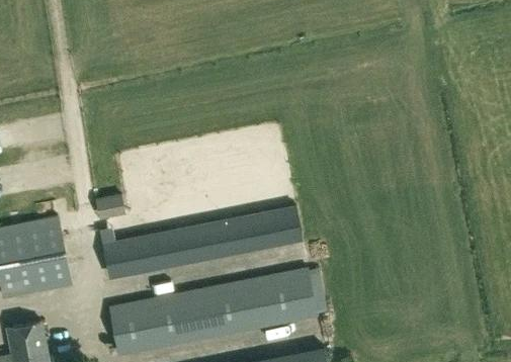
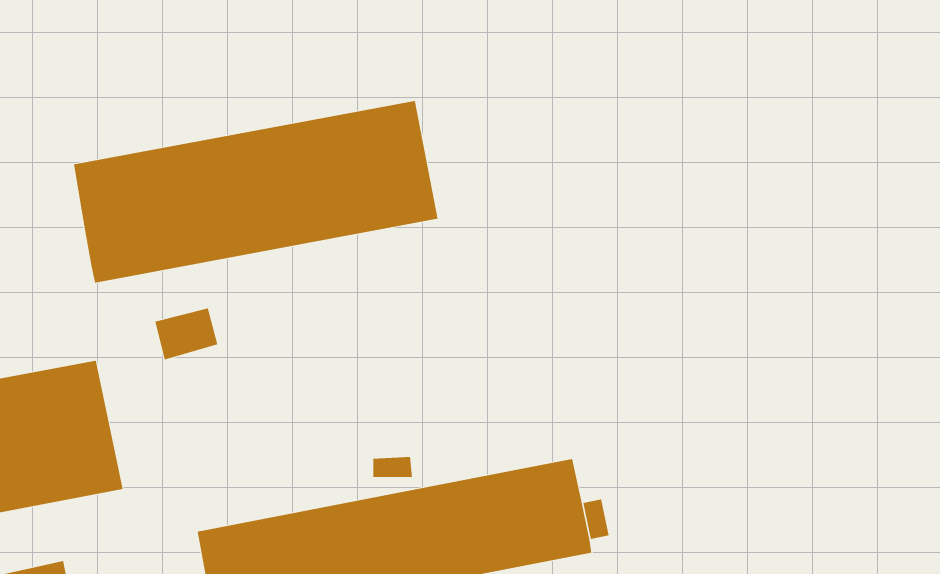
building: none -> [73,100,438,283]
building: [100,205,304,280] -> none

